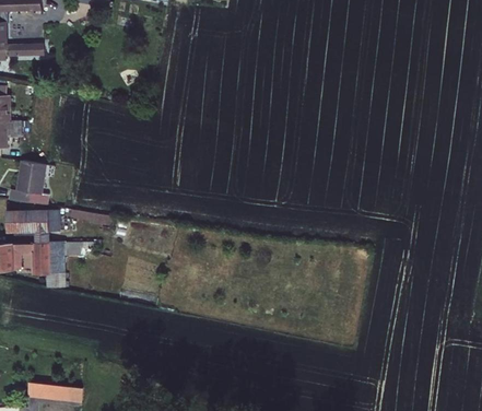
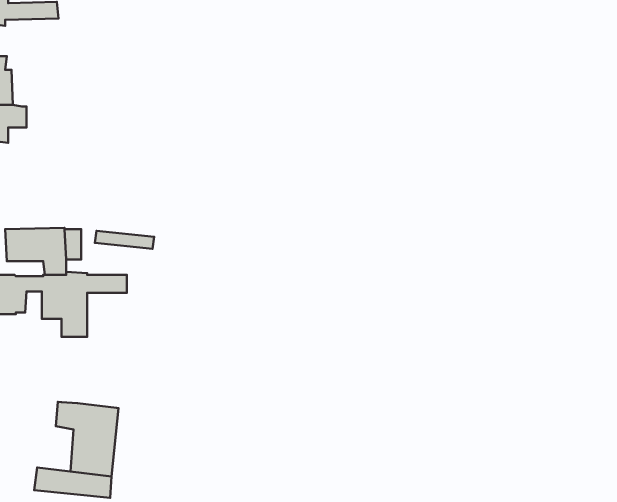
building: [7,160,47,204] -> none
building: none -> [56,402,118,476]

